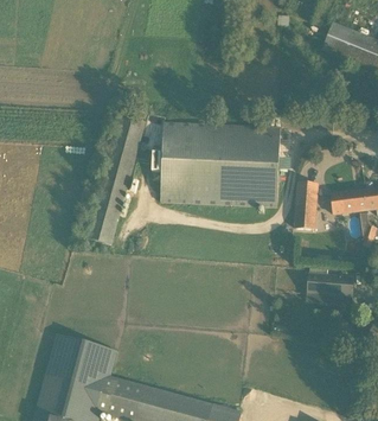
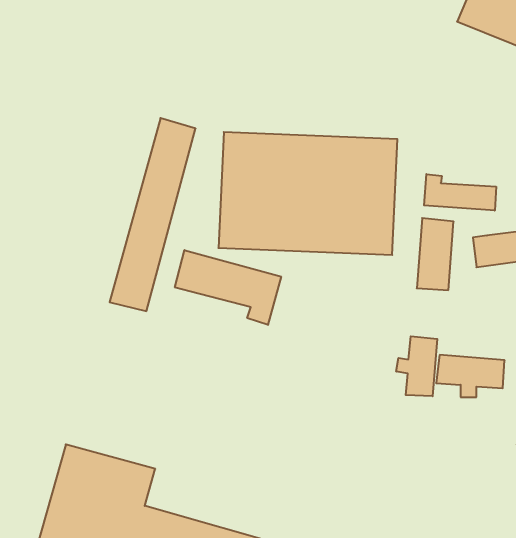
building: none -> [424,174,496,211]
building: none -> [175,250,281,325]
building: none -> [396,336,437,396]

